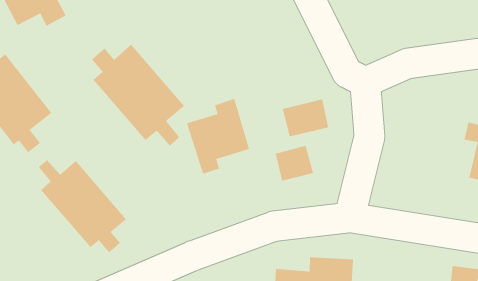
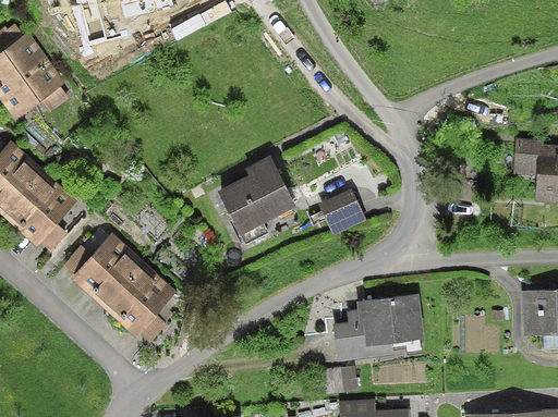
building: [91,44,185,146] -> none
building: [282,99,329,137] -> none

